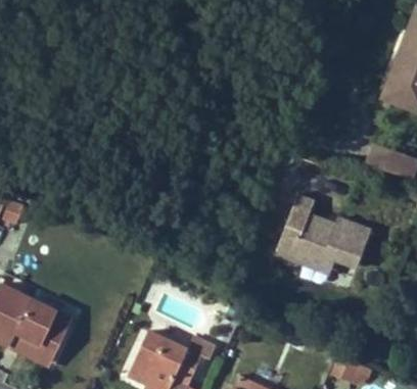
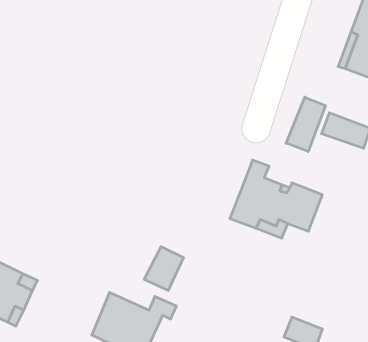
building: none -> [286,97,326,152]
building: none -> [144,247,183,290]

